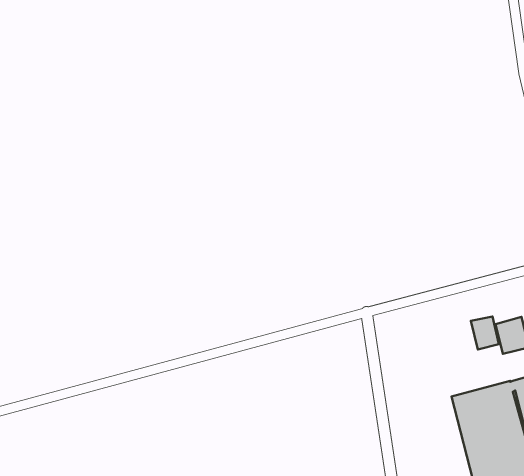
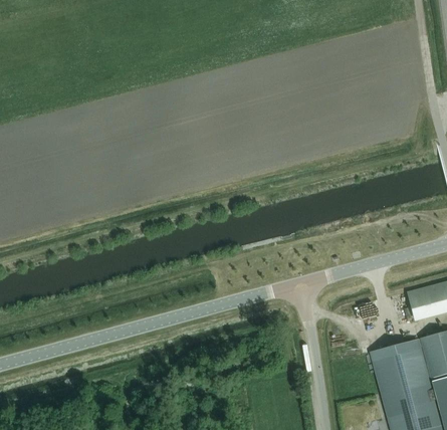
building: [471,317,499,349] -> none

